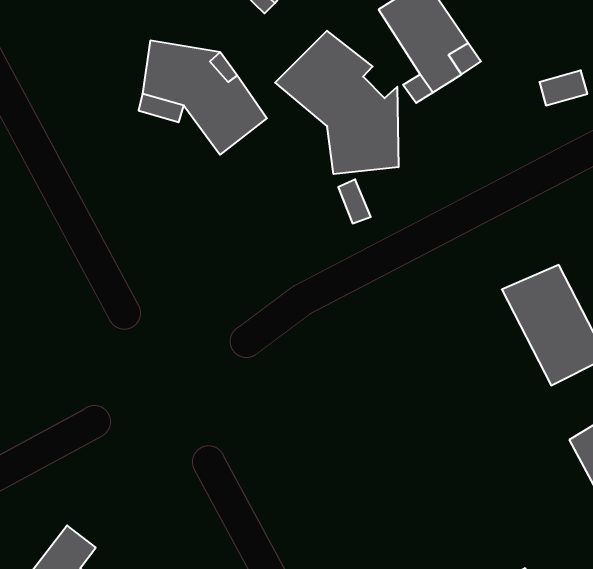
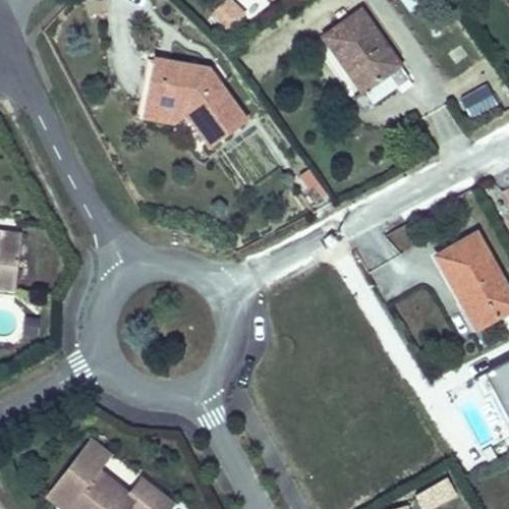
building: [275,31,398,174] -> none

